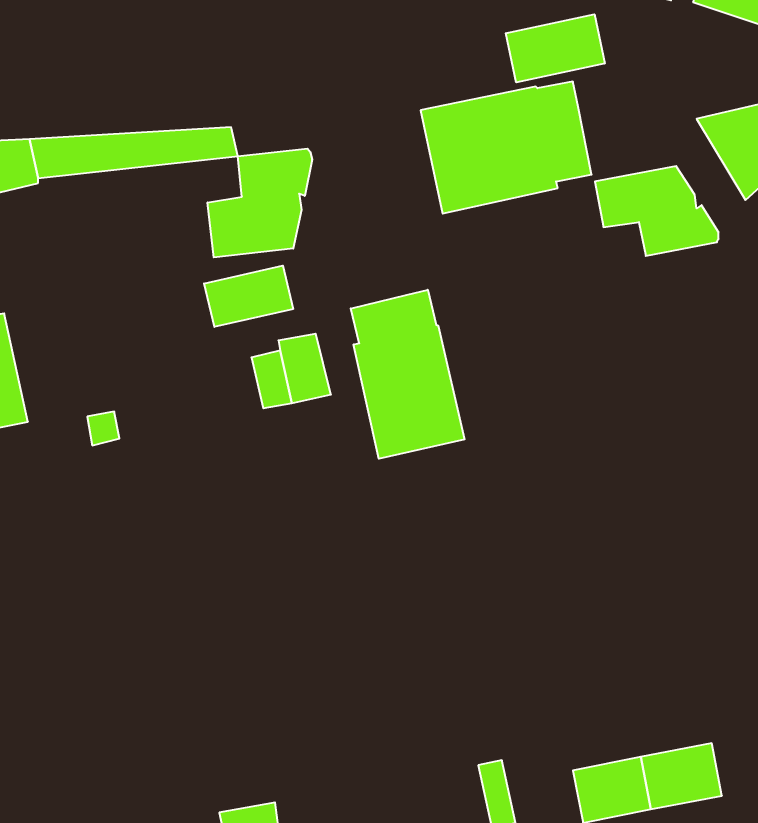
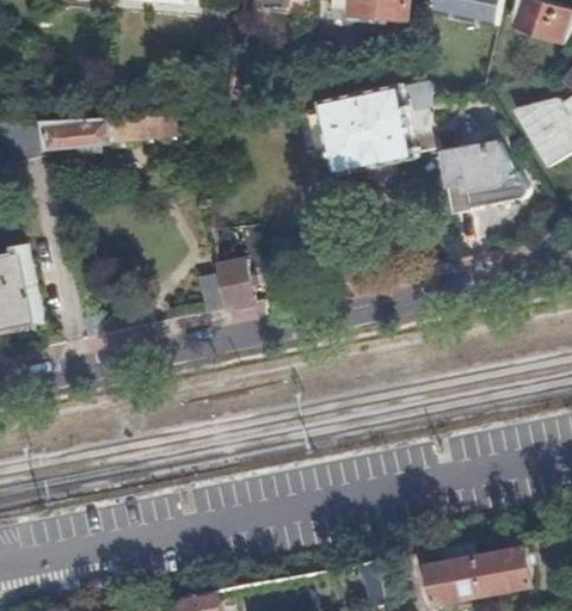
building: [506,14,605,82] -> none
building: [208,149,312,257] -> none
building: [204,266,293,327] -> none
building: [351,290,465,459] -> none

